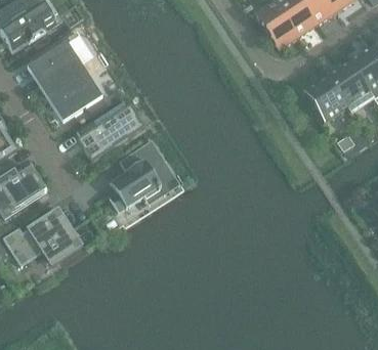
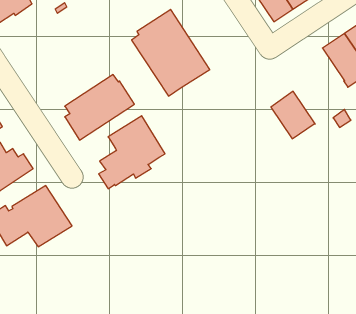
building: [27,38,102,122] -> [132,9,210,96]
building: [305,74,348,120] -> [271,91,315,139]

